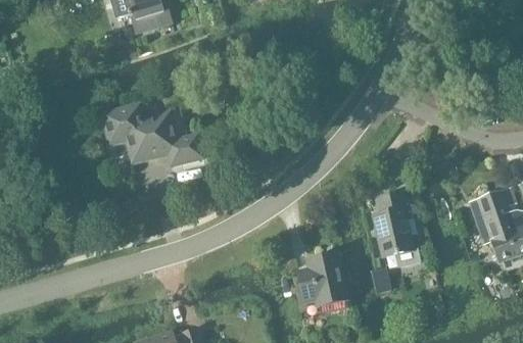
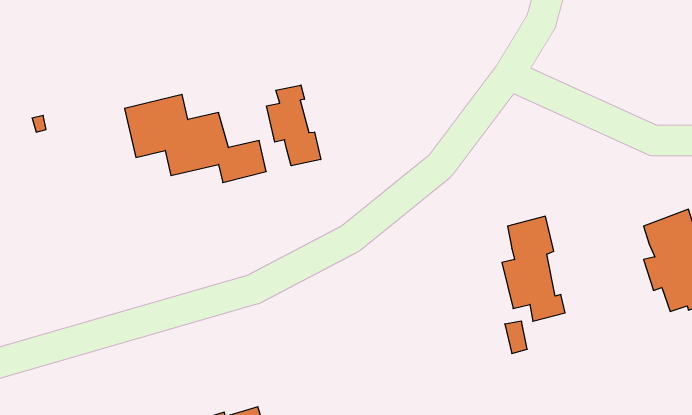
building: none -> [267,85,321,166]
building: [297,253,347,306] -> none

